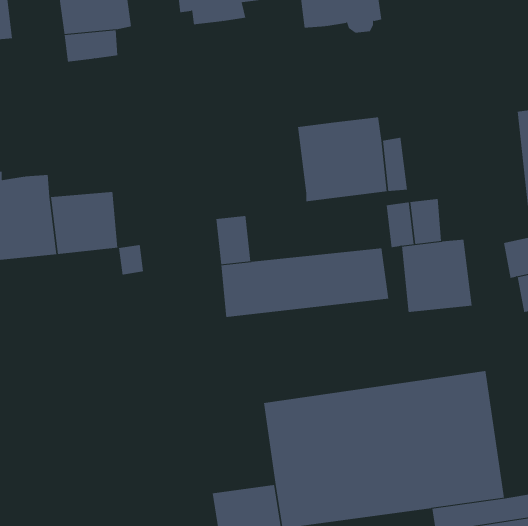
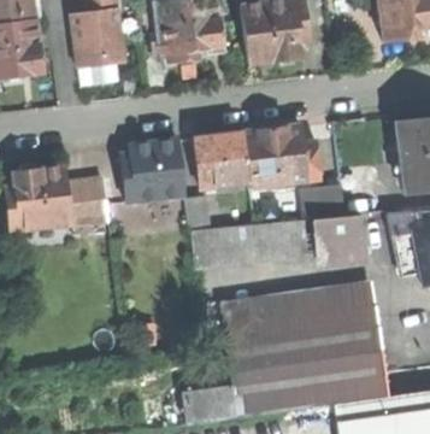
building: none -> [195,133,247,184]
building: none -> [120,141,182,200]
building: none -> [213,277,375,328]

